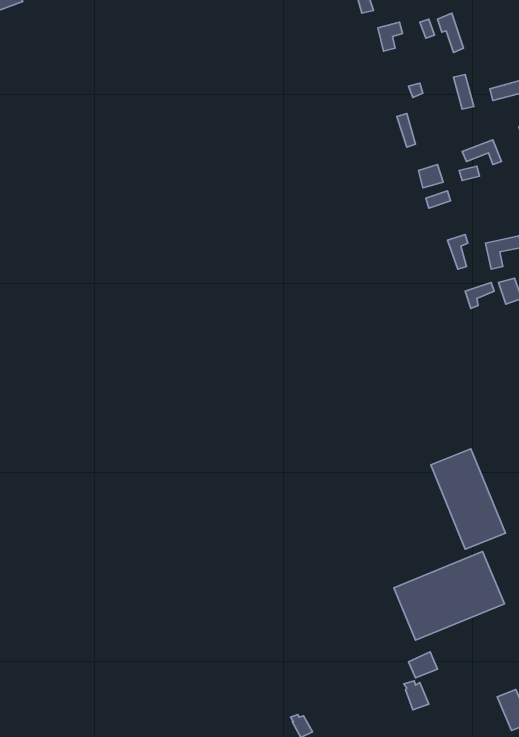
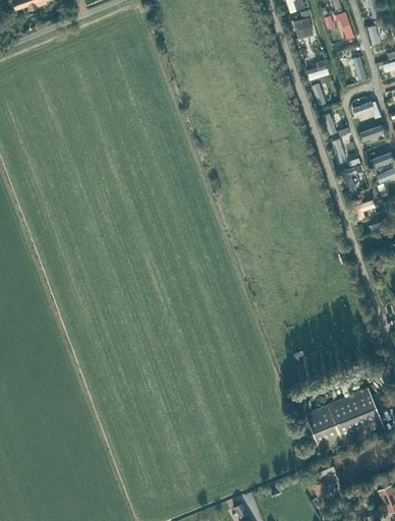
building: [431,449,505,549] -> none

